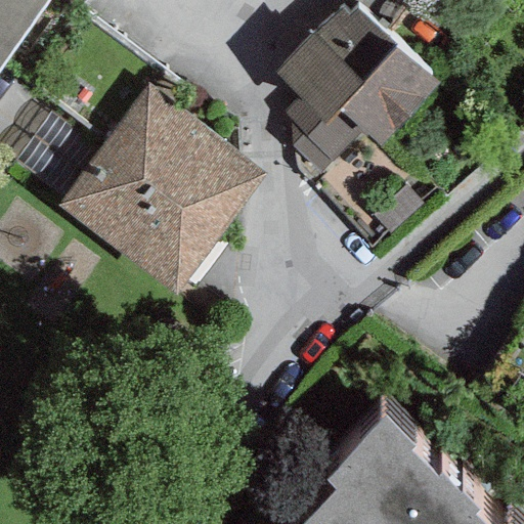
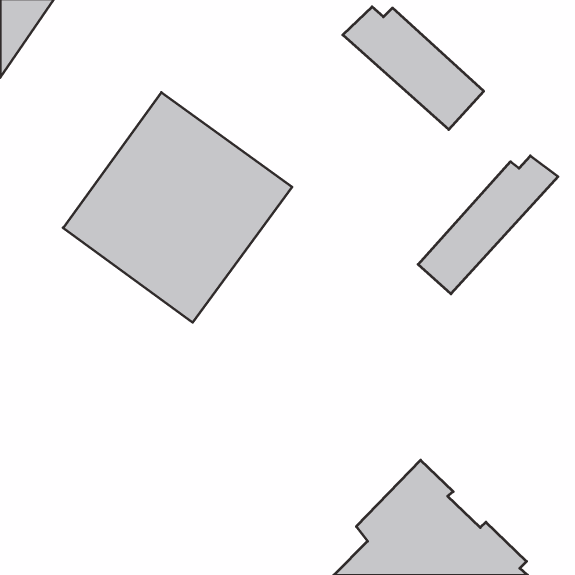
building: [275,32,408,181] -> none
building: none -> [418,156,558,294]

